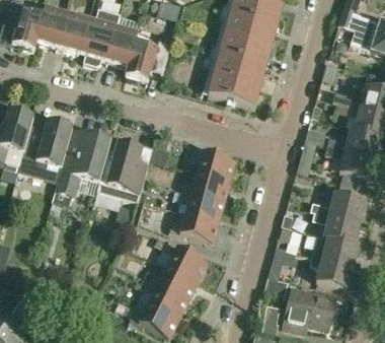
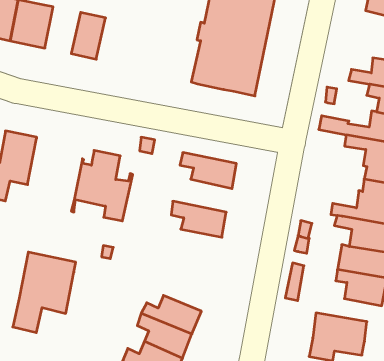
building: [82,21,116,66] -> none
building: [124,33,169,82] -> none
building: [55,129,110,196] -> [13,252,76,333]
building: [180,172,230,201] -> none
building: [169,212,219,243] -> none
building: [155,235,207,281] -> none

